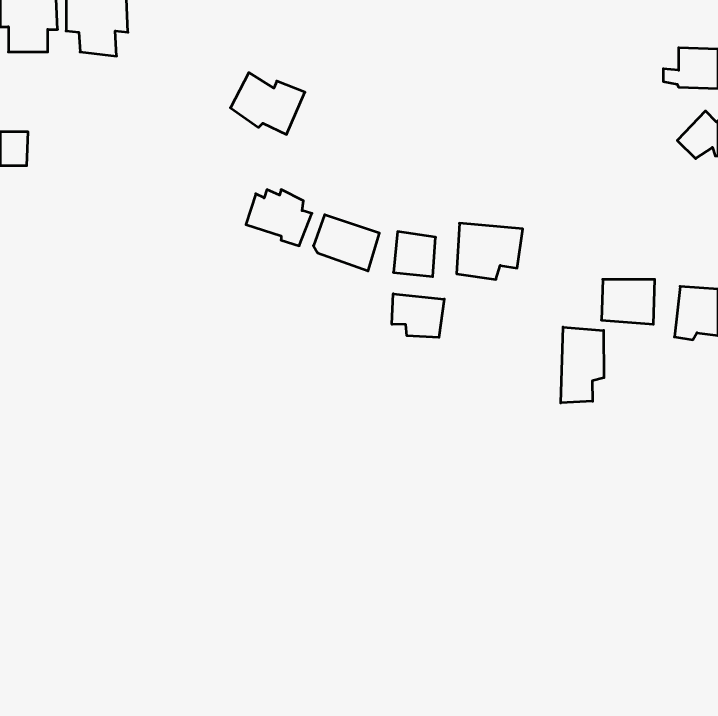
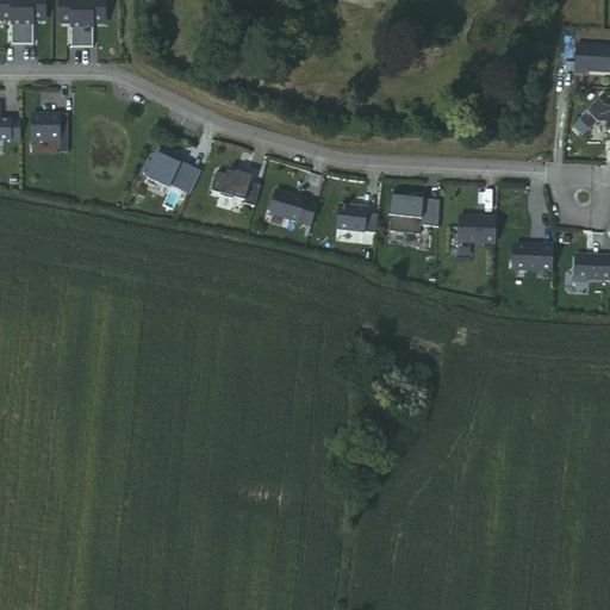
building: [230,73,305,134] -> [143,145,206,198]
building: none -> [31,108,62,143]
building: none -> [458,210,499,243]
building: [392,294,444,337] -> none
building: [561,327,604,403] -> none

